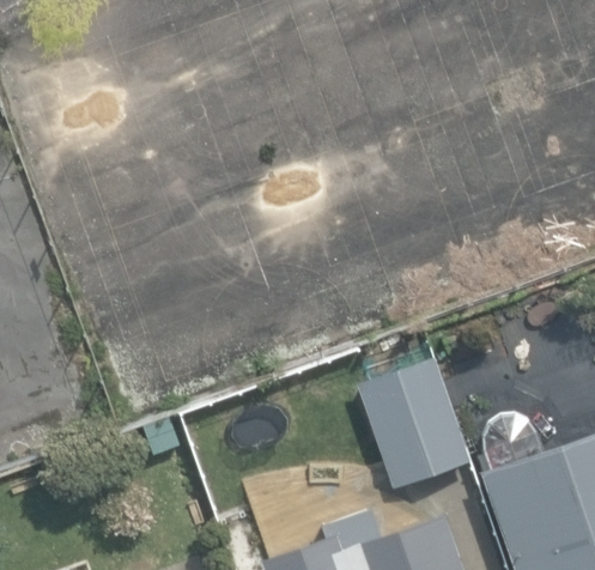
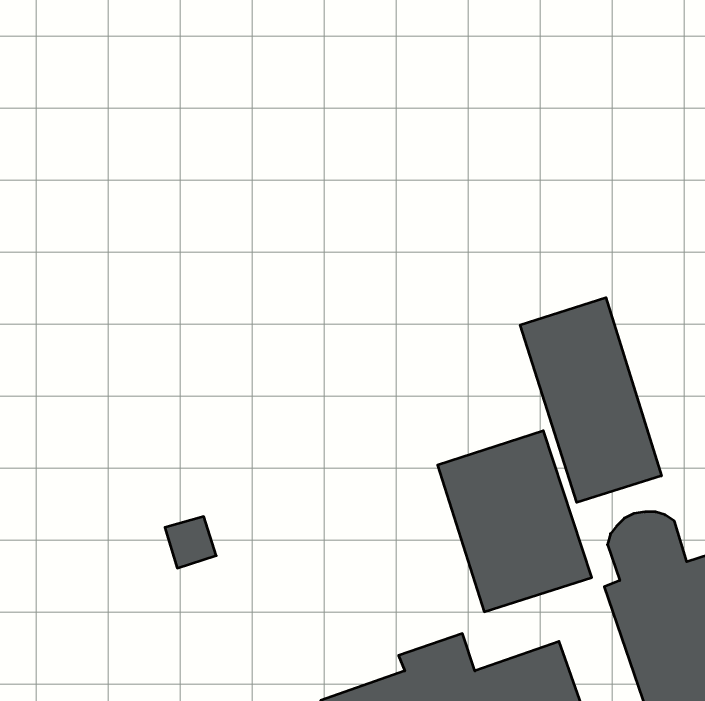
building: none -> [520,298,661,502]

